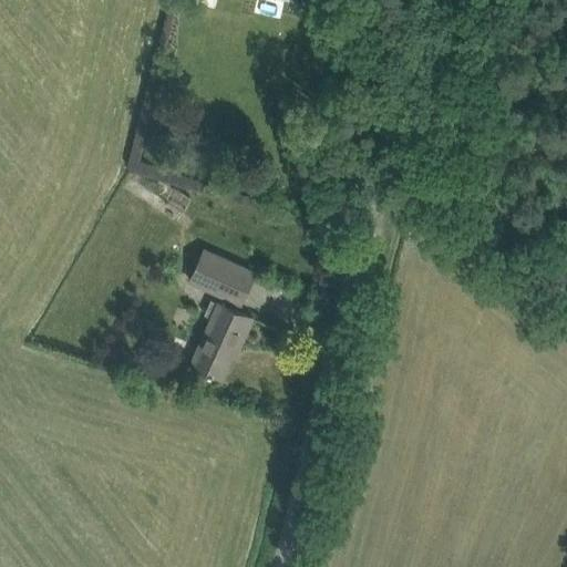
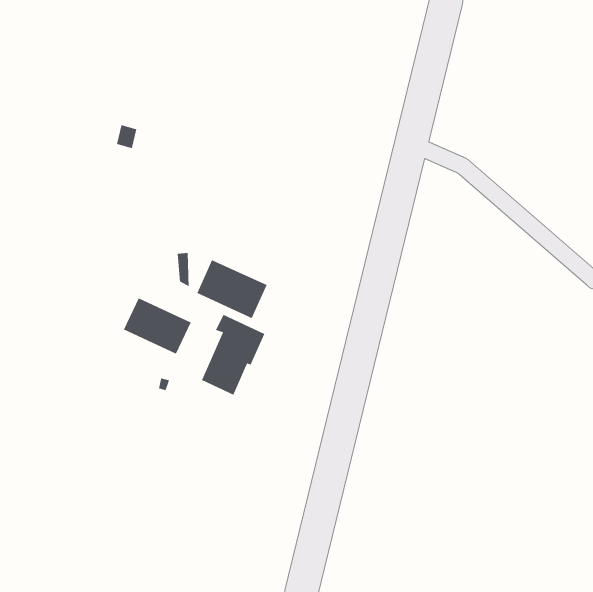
building: none -> [123,297,192,354]

